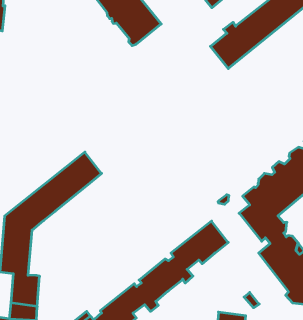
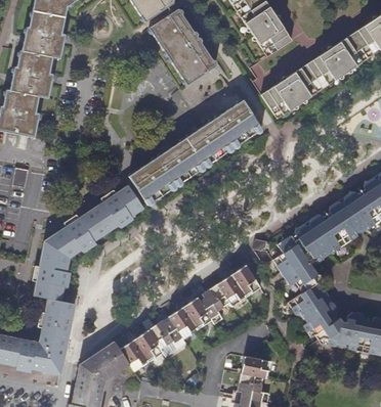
building: none -> [128,100,260,206]

